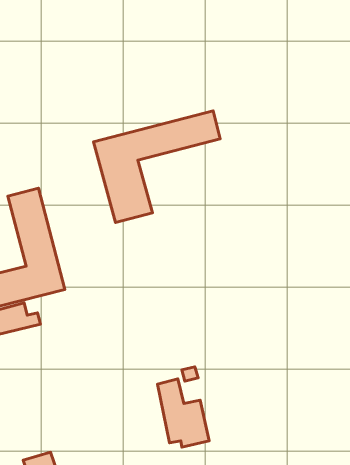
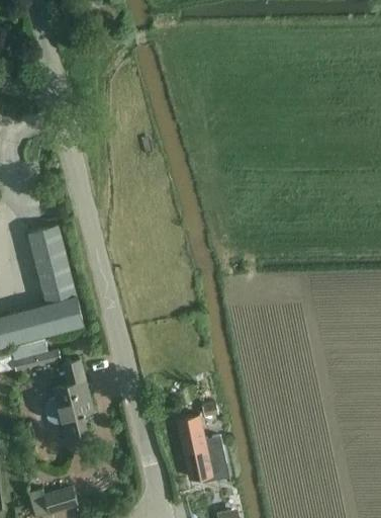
building: [94,111,220,223] -> none
building: none -> [44,359,93,438]

